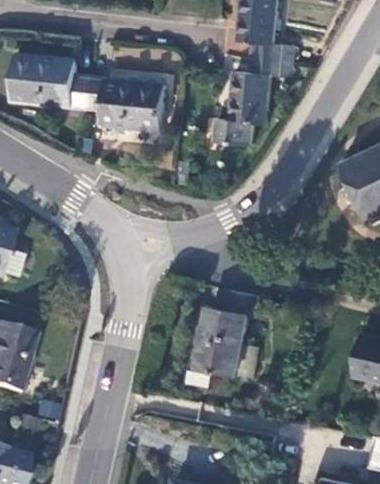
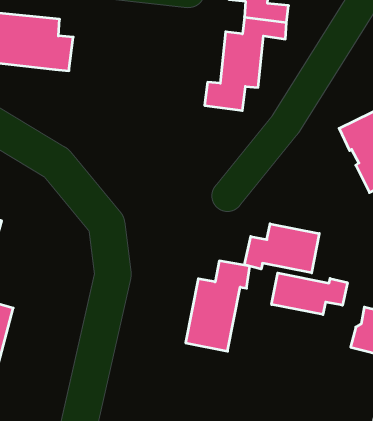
building: [85,75,165,130] -> none
building: none -> [245,224,319,273]
building: none -> [272,273,347,315]

